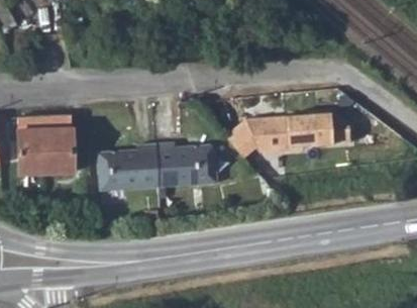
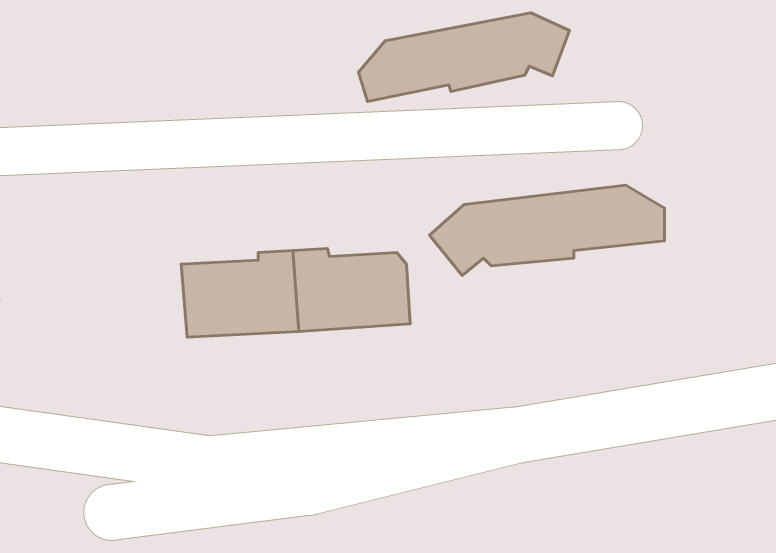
building: none -> [358,13,570,101]
building: [18,119,73,178] -> none

